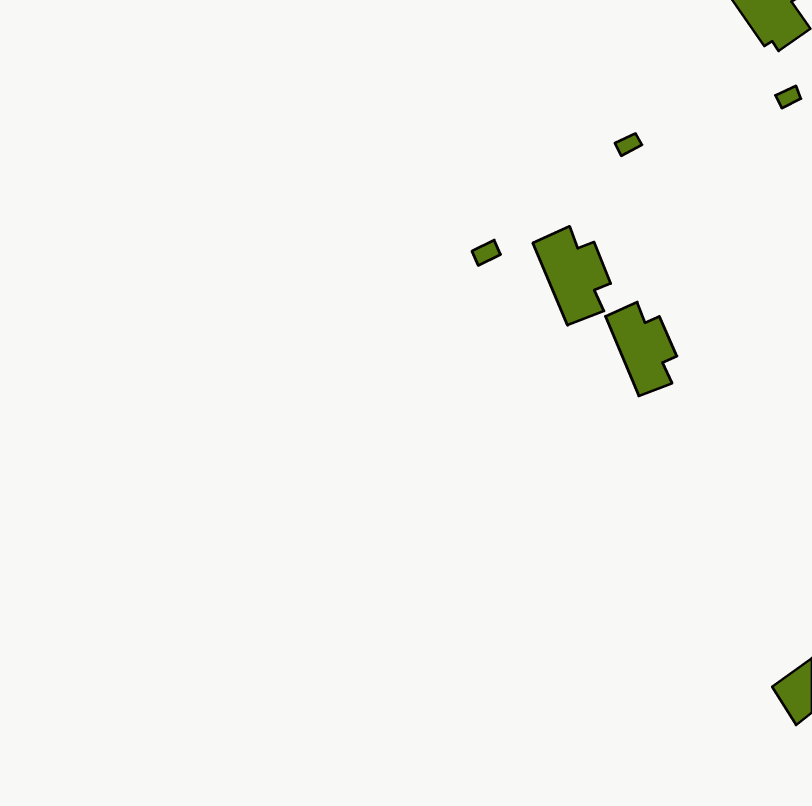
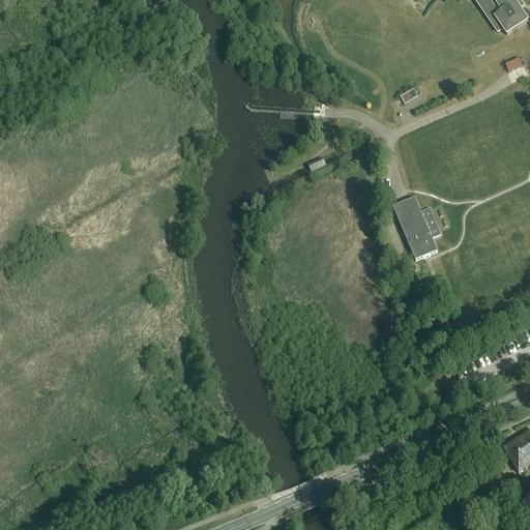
building: [533,226,611,325] -> none

